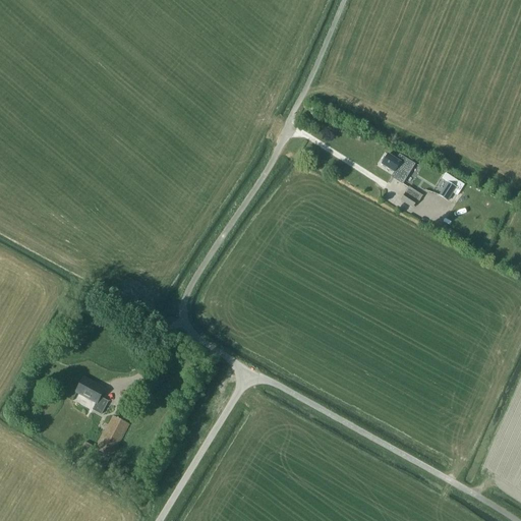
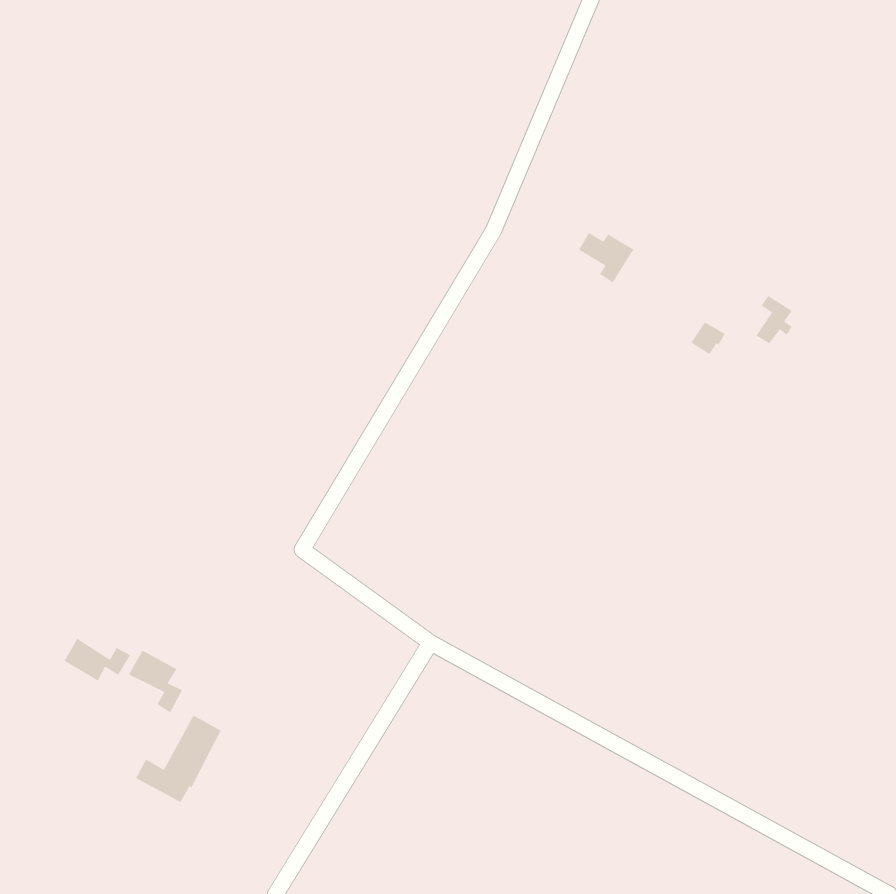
building: [381,153,413,182] -> [578,232,634,283]
building: none -> [64,638,131,681]

